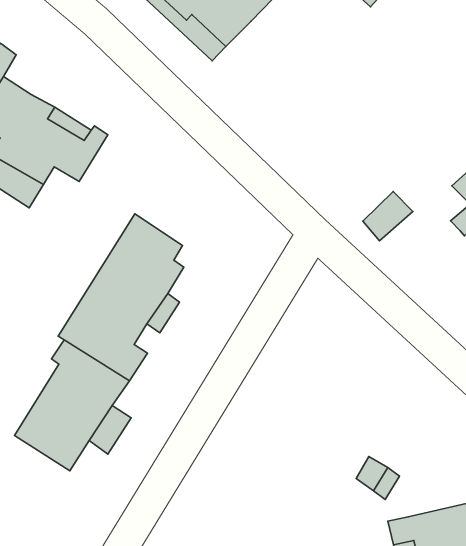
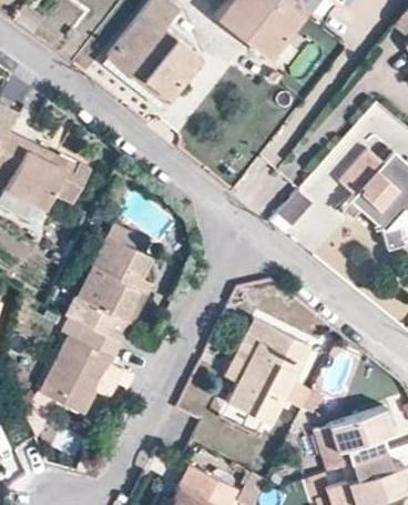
building: none -> [226,319,309,423]

